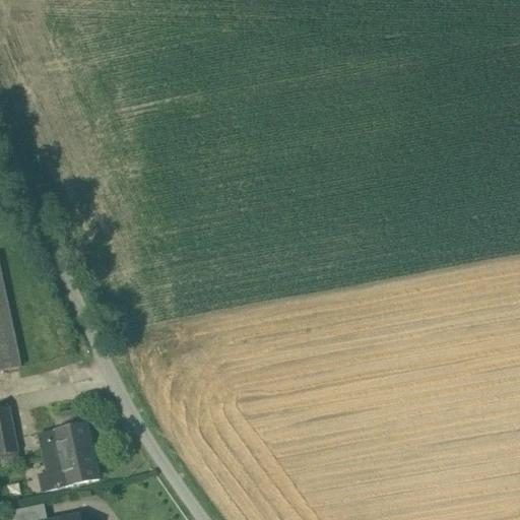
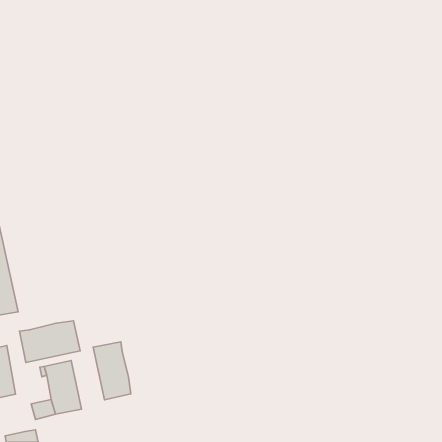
building: none -> [19,321,80,363]
building: none -> [93,342,131,400]

